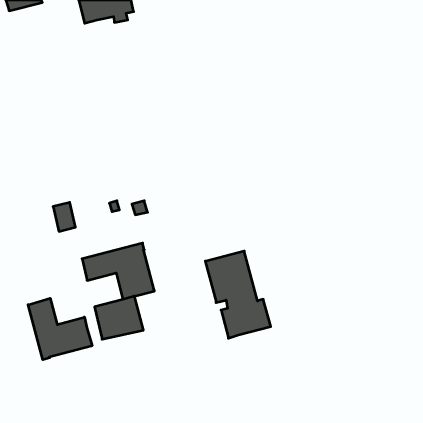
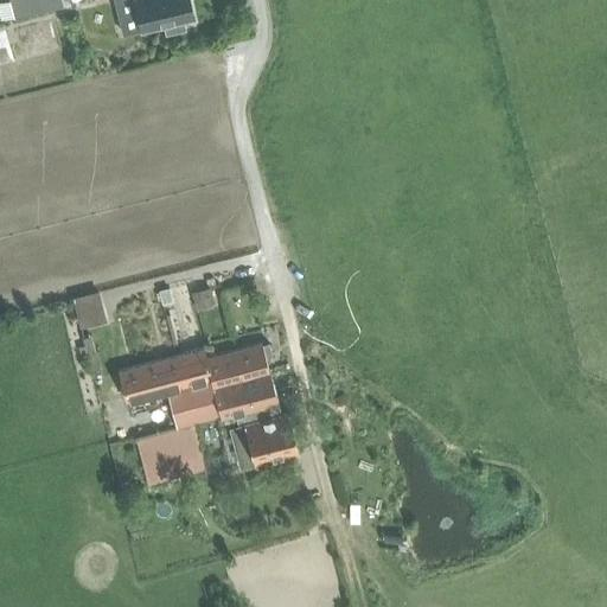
building: [205,251,271,338] -> [205,344,299,468]
building: [28,298,92,360] -> none

